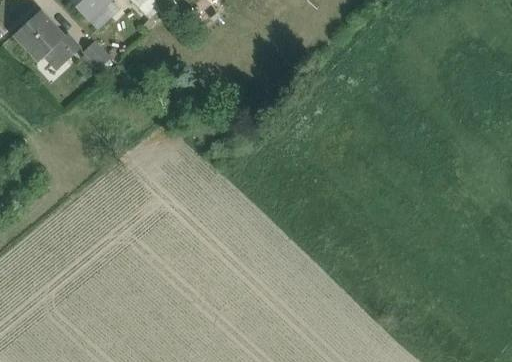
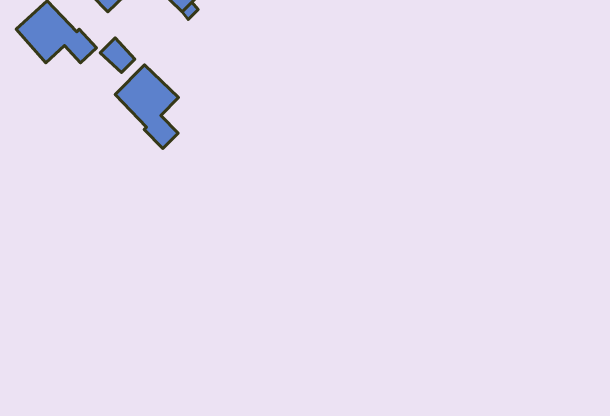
building: none -> [115,65,179,148]

